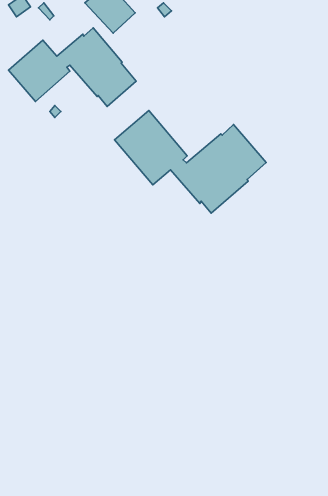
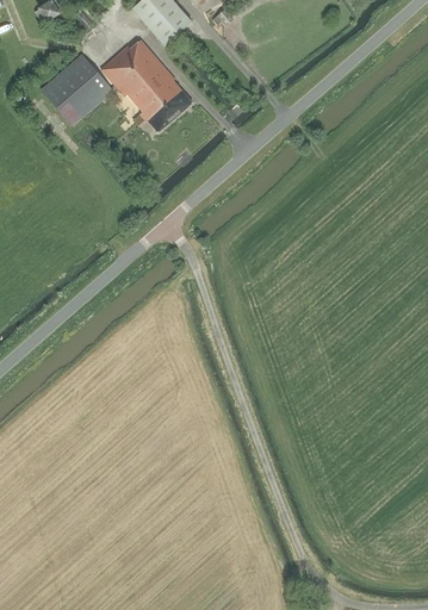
building: [115,111,266,213] -> none

